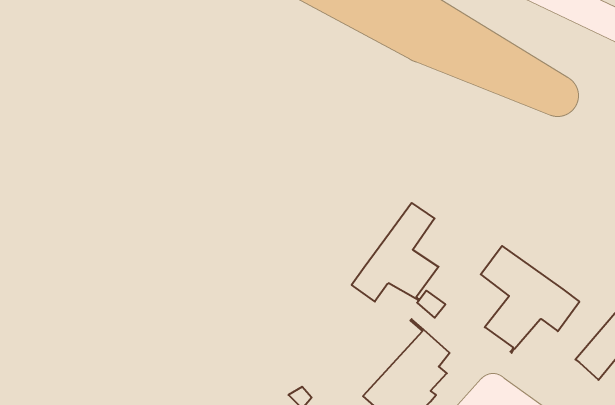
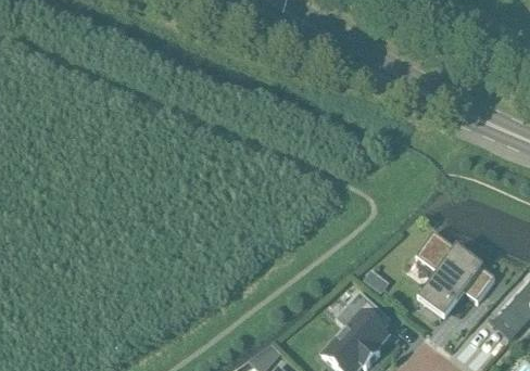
building: [352,203,439,302] -> none

